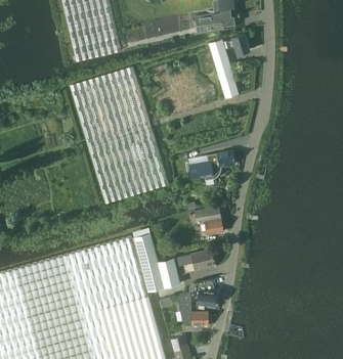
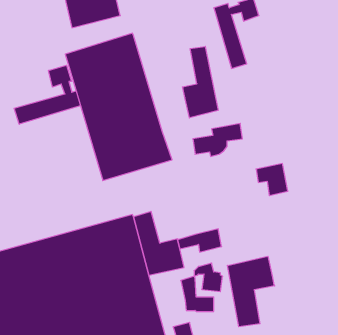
building: none -> [182,46,218,118]
building: none -> [14,65,80,124]
building: [194,206,223,235] -> [256,164,288,196]
building: none -> [227,256,275,327]

